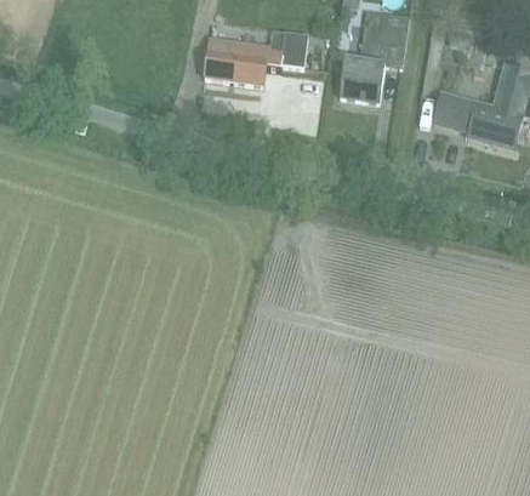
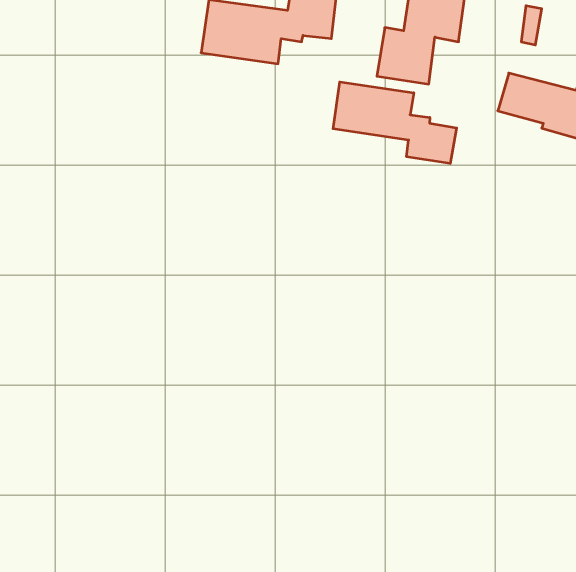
building: none -> [333,82,457,163]

